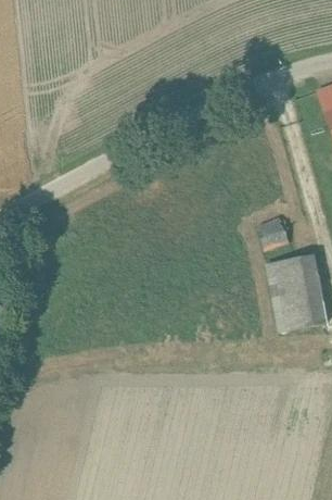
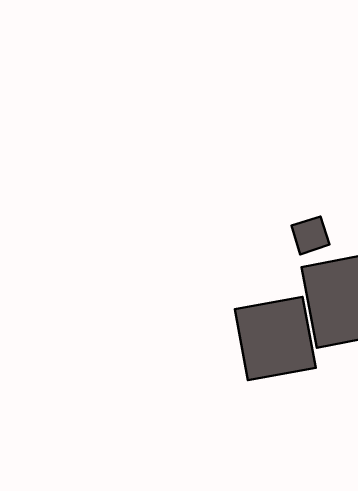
building: none -> [235,297,316,380]

